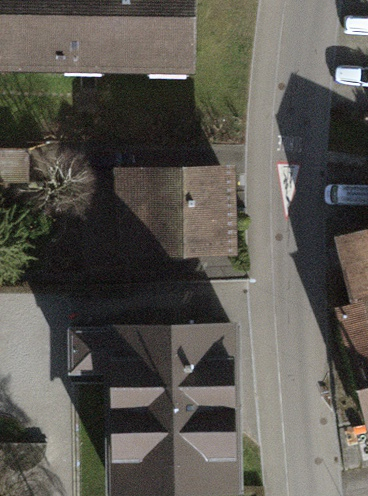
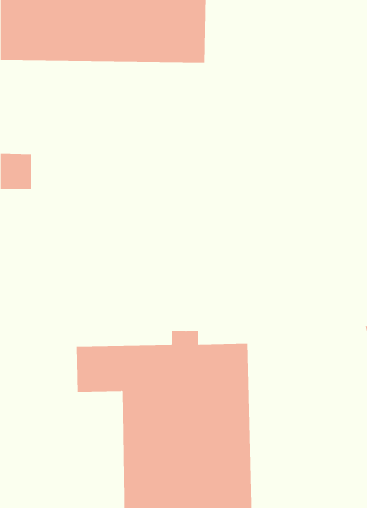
building: [138,177,228,257] -> none

